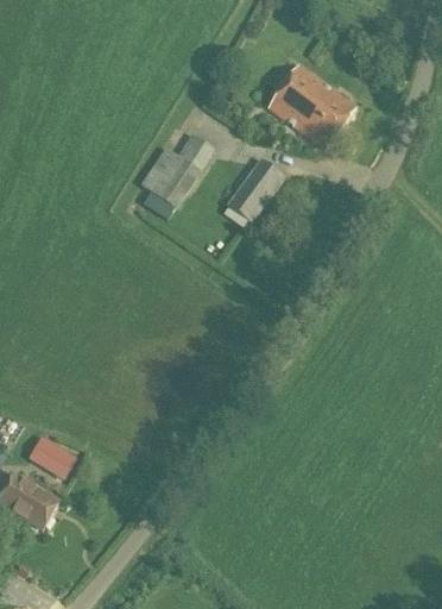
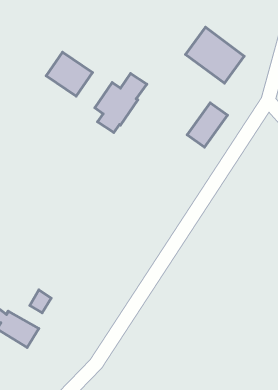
building: none -> [46,52,93,96]
building: [226,157,284,221] -> [187,103,228,147]

